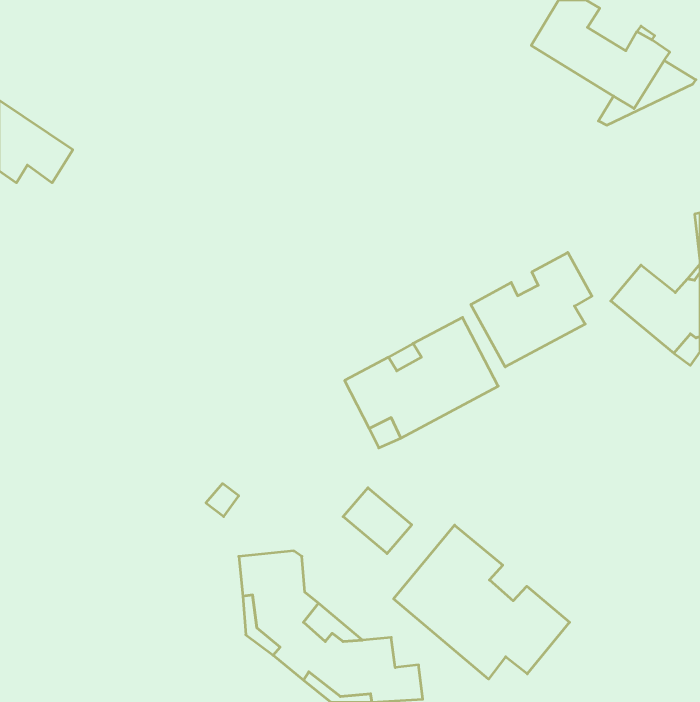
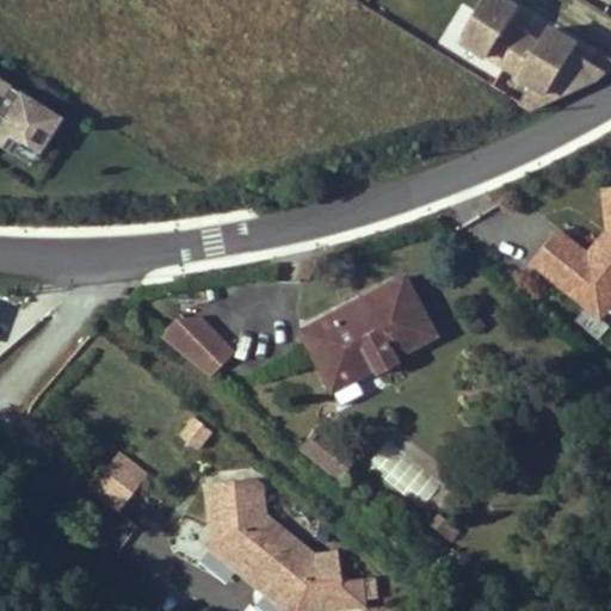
building: [471,252,592,367] -> none
building: none -> [162,313,240,387]
building: none -> [90,451,149,513]
building: [394,525,570,679] -> none

